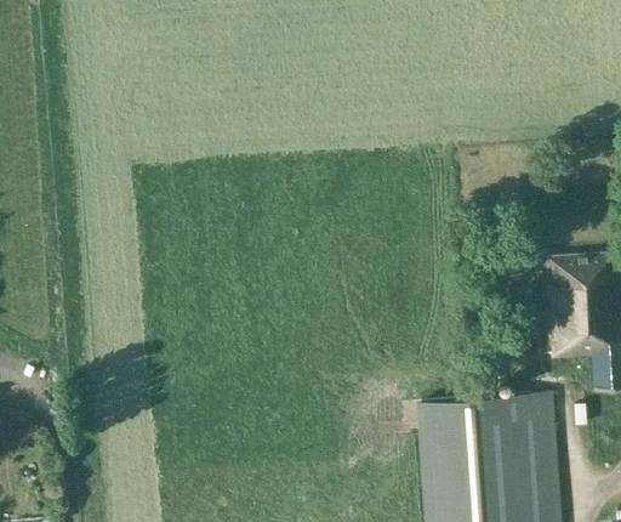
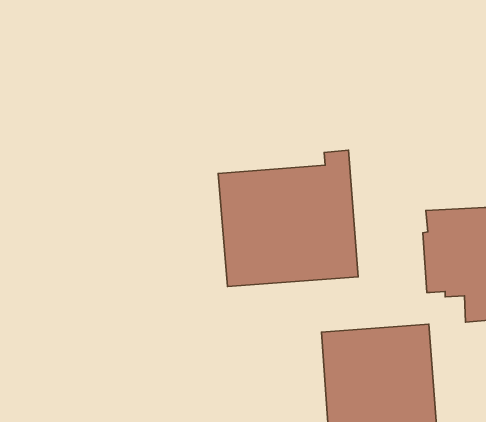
building: none -> [218,150,358,286]

